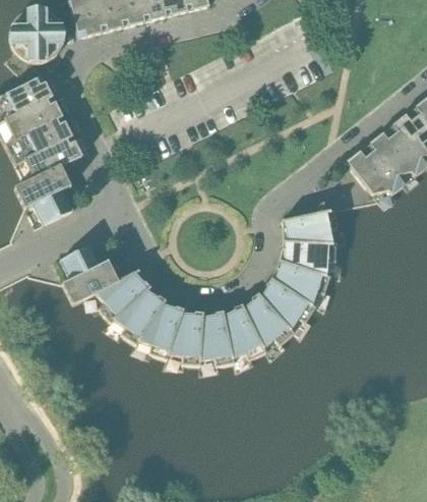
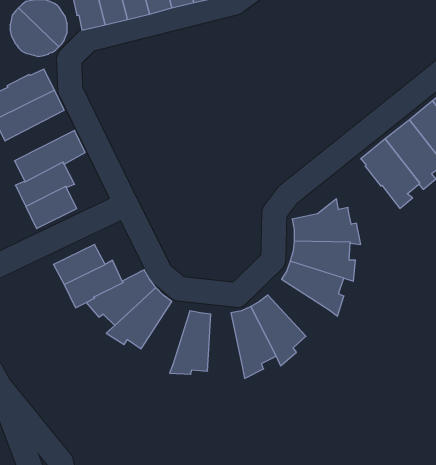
building: [5,113,72,162] -> none
building: [258,276,317,339] -> none
building: [131,297,183,358] -> none
building: [200,309,234,374] -> none

